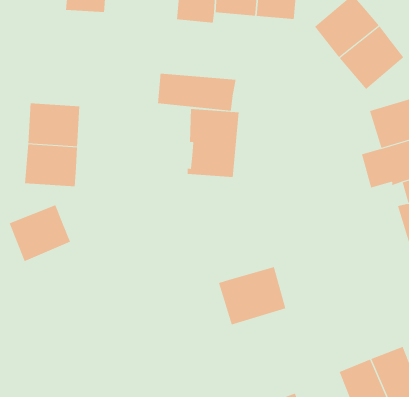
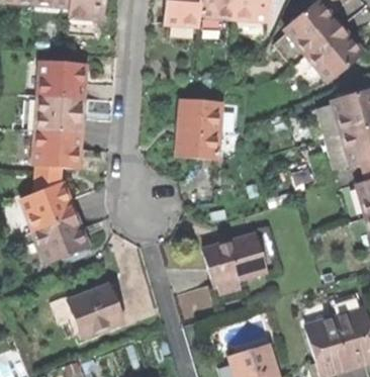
building: none -> [38,59,85,96]
building: [157,73,236,112] -> none
building: none -> [33,213,86,263]
building: none -> [66,285,123,338]

